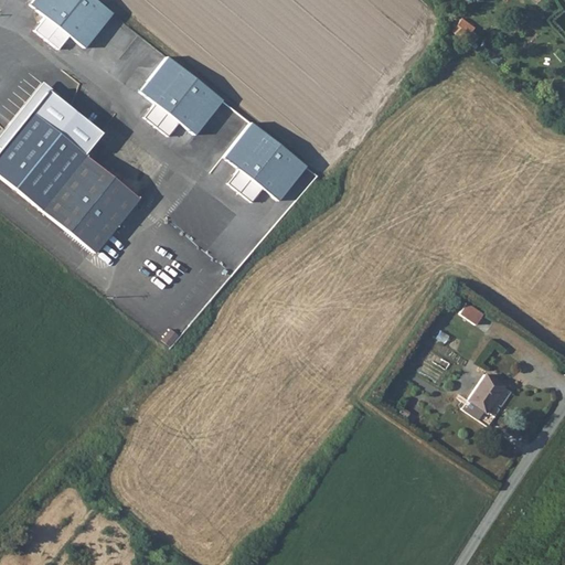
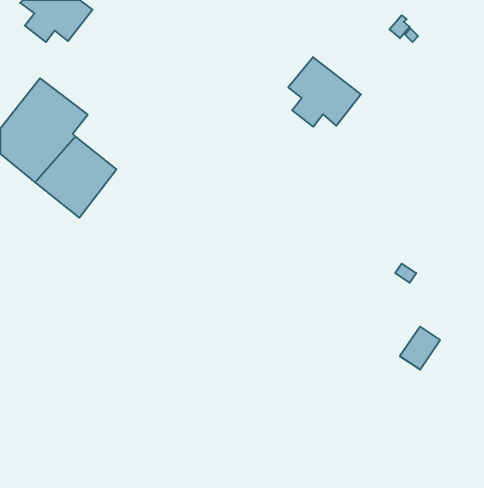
building: [139,54,222,135] -> none
building: [222,120,306,201] -> [288,57,361,127]

